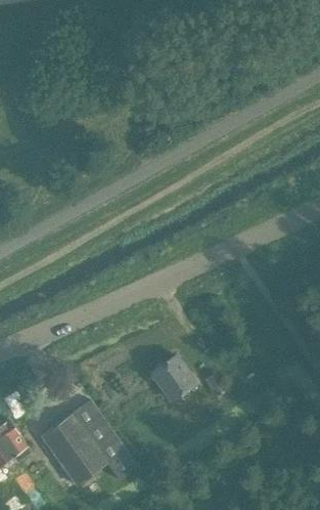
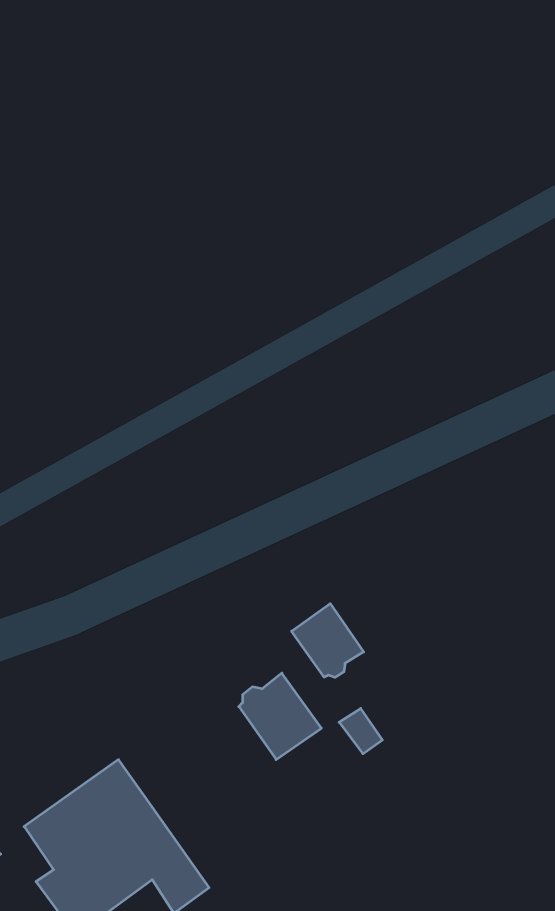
building: none -> [292,604,364,677]

